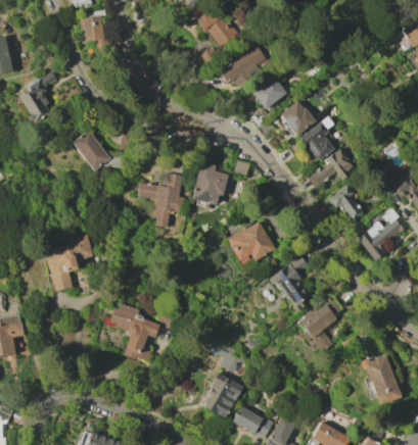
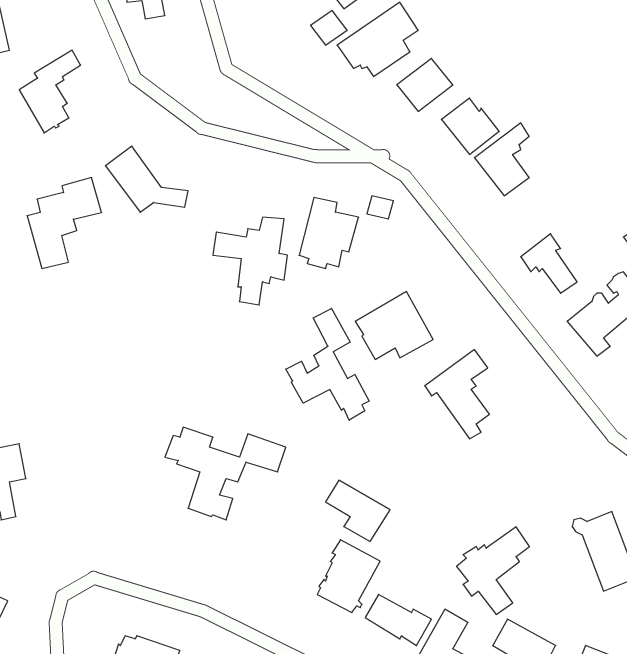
building: [310,148,353,186] -> none
building: none -> [286,308,369,420]
building: [47,235,93,291] -> [27,178,102,269]
building: [298,297,343,351] -> [457,527,529,614]

